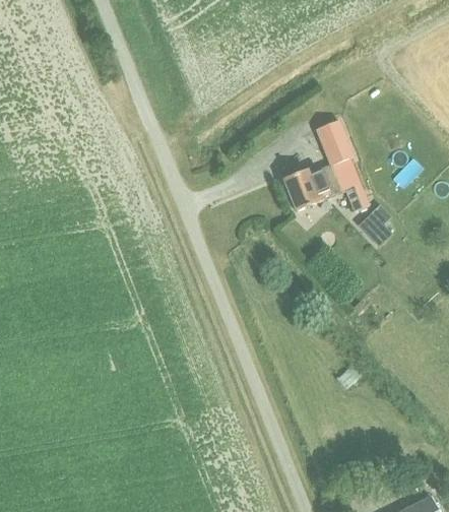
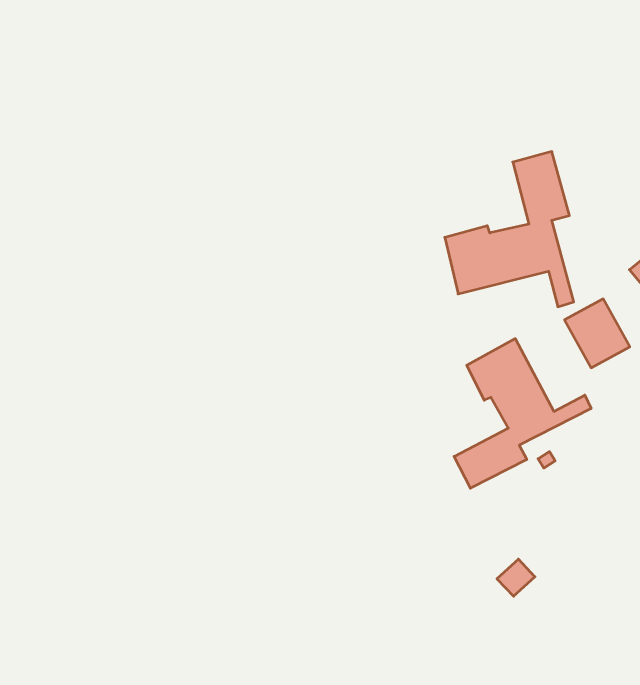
building: none -> [454,339,591,488]

